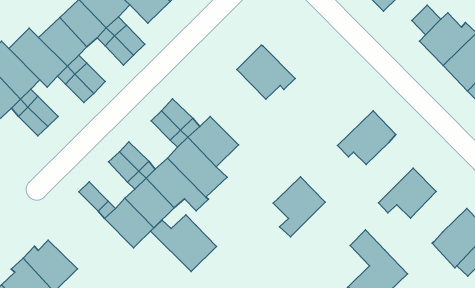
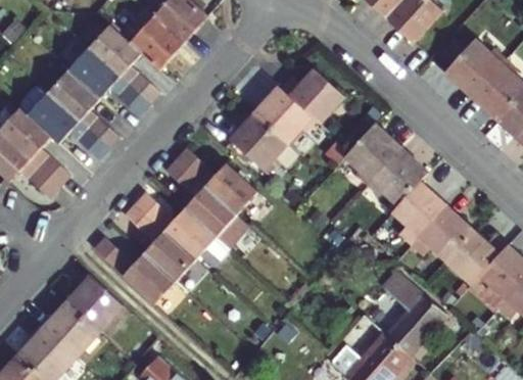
building: none -> [282,66,346,122]
building: none -> [231,112,288,172]
building: none -> [345,124,402,187]
building: [273,177,325,237] -> [393,181,448,245]
building: none -> [448,230,508,283]
building: none -> [65,273,124,333]
building: [150,215,216,271] -> none

